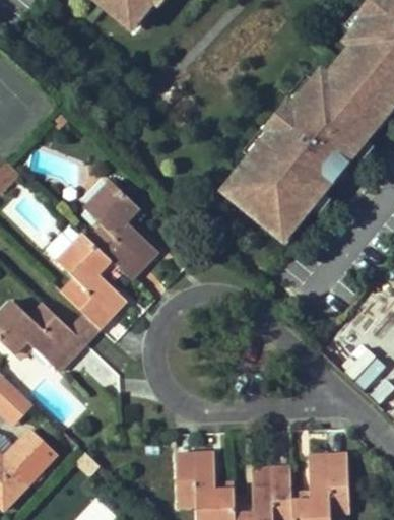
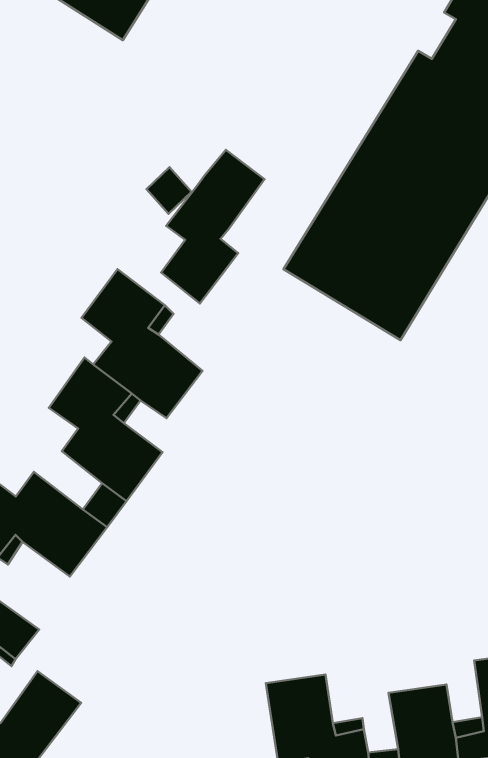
building: none -> [161,150,264,303]

